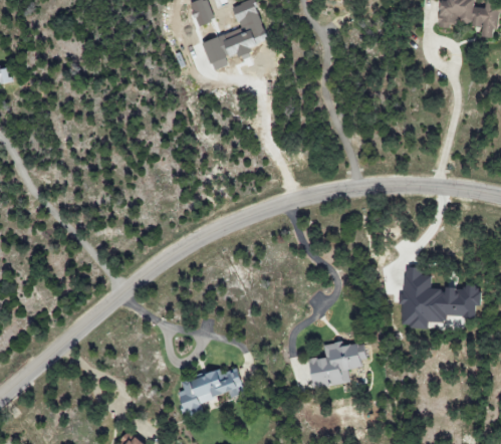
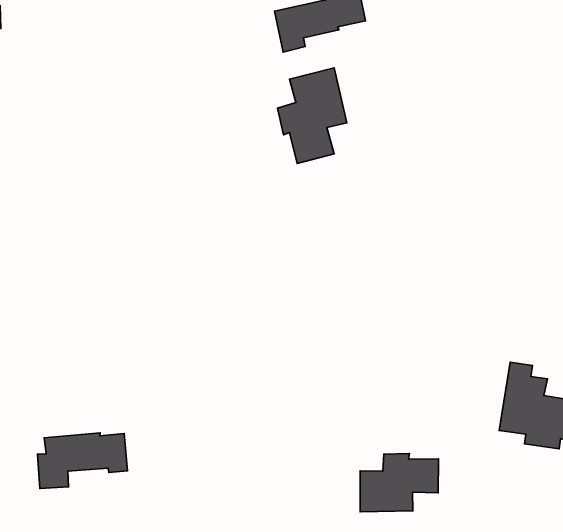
building: none -> [278,68,347,164]
building: [178,369,243,416] -> [38,433,128,489]

